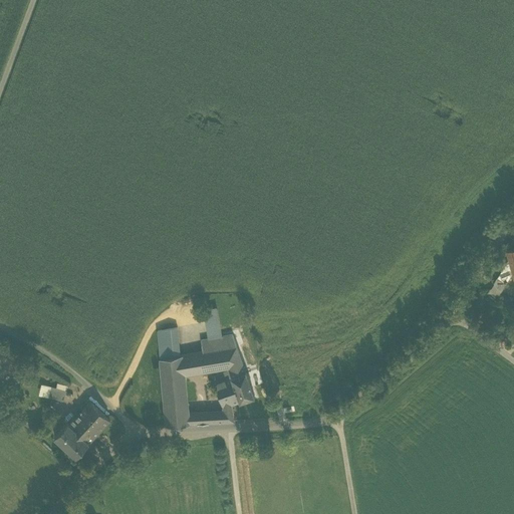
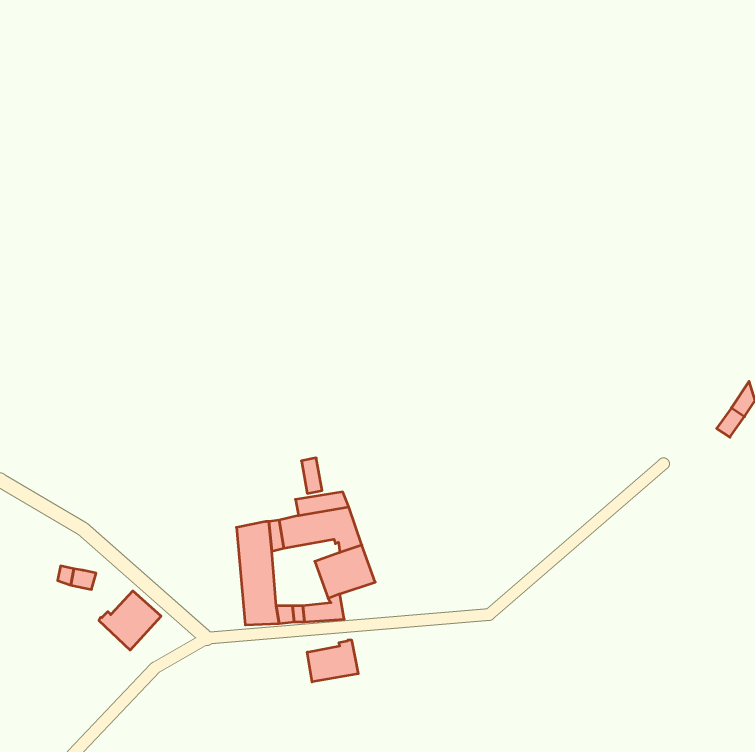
building: [158,329,181,360] -> none
building: [54,424,88,458] -> none
building: none -> [307,640,358,682]

